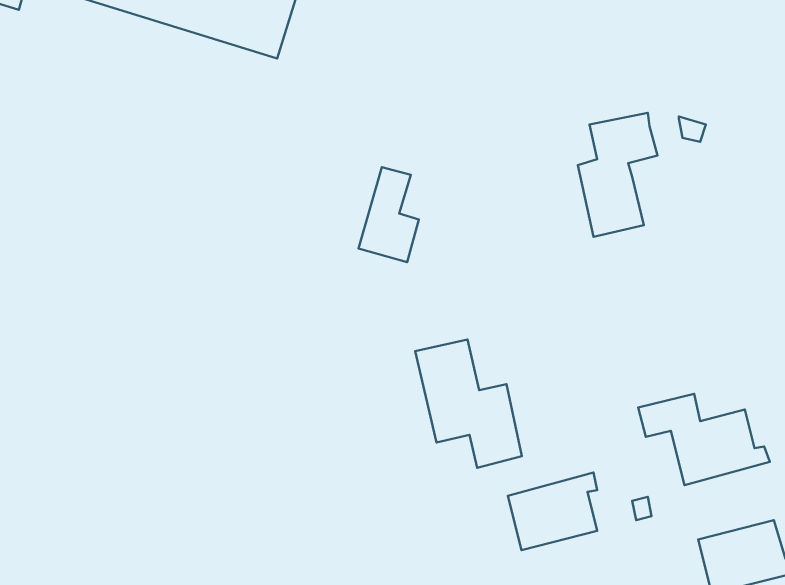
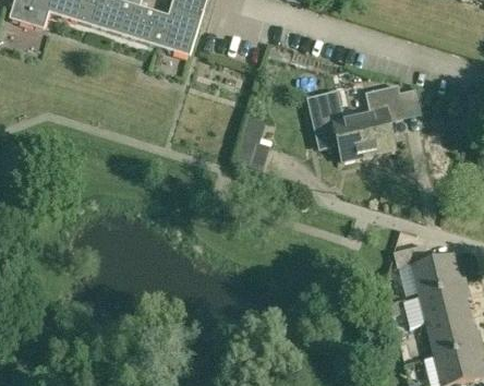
building: [415,340,522,468] -> [306,88,366,160]
building: [508,473,597,550] -> [418,280,468,324]

